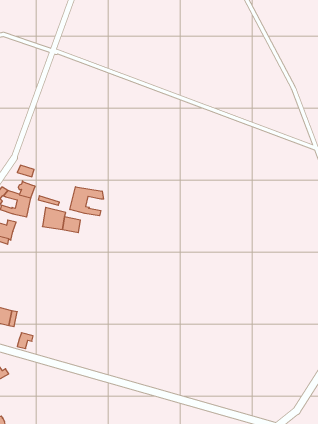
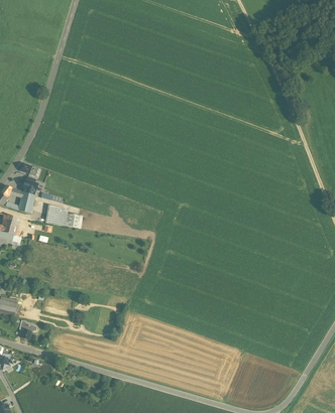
building: [70,187,104,216] -> none

